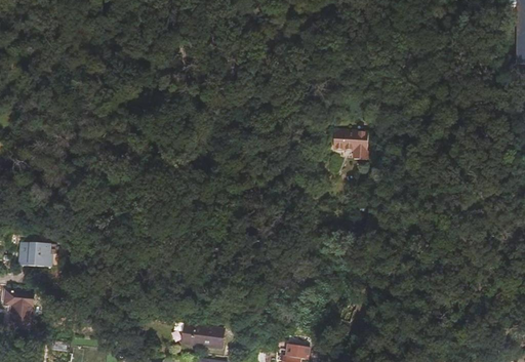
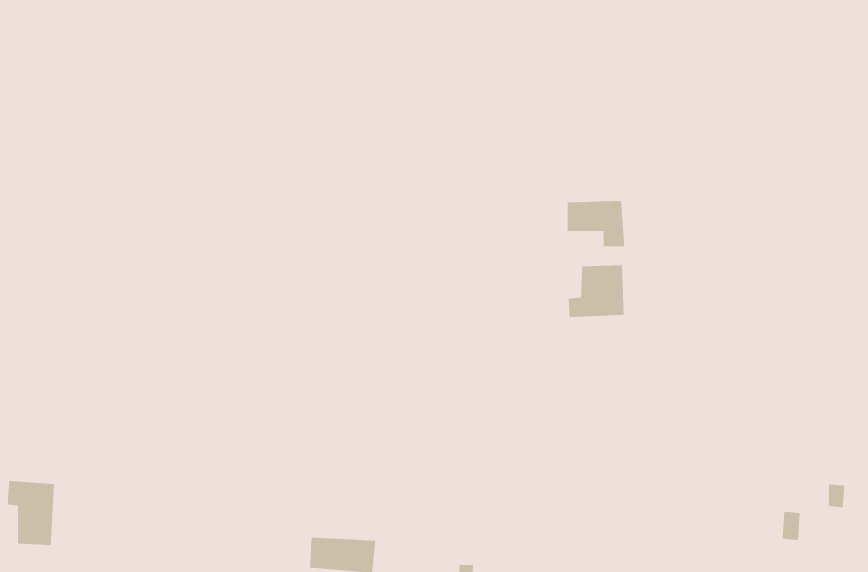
building: none -> [568,265,624,318]
building: [18,243,54,269] -> none

